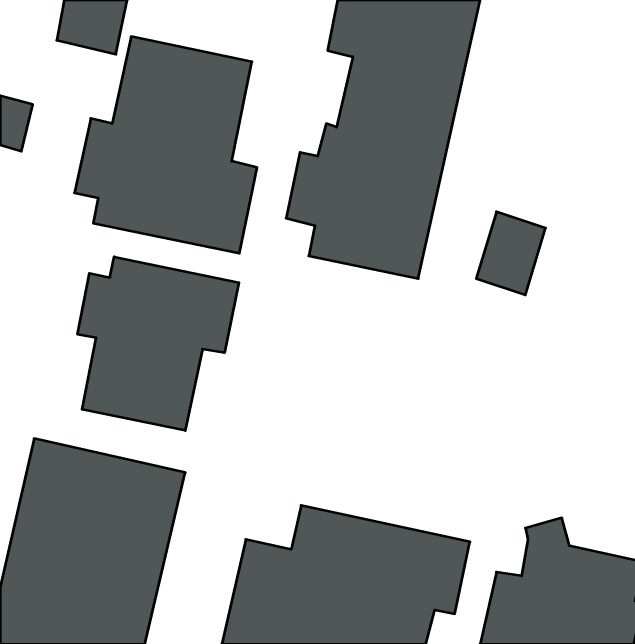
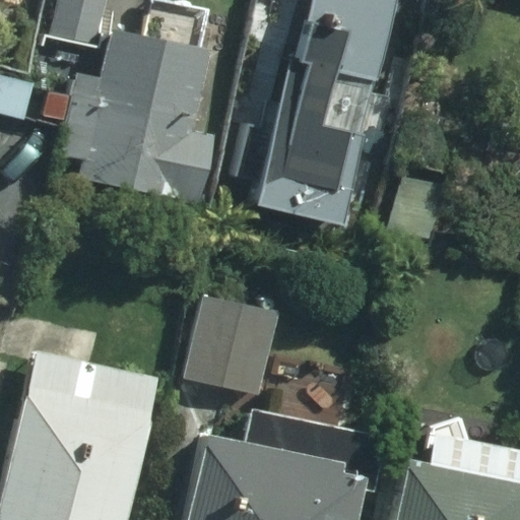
building: [78,257,239,431] -> none
building: none -> [185,295,278,394]

